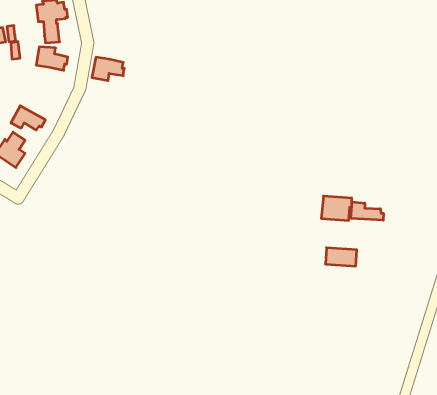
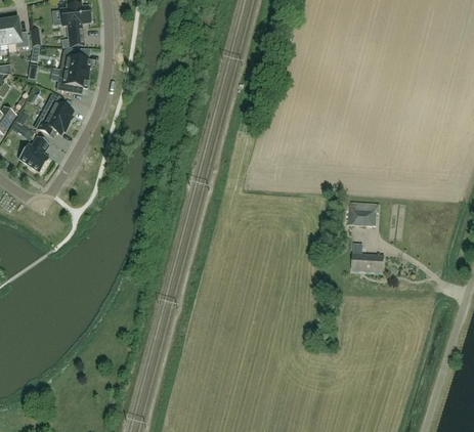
building: [92,57,124,81] -> [55,69,88,92]
building: none -> [43,92,73,124]
building: [351,202,383,220] -> none

